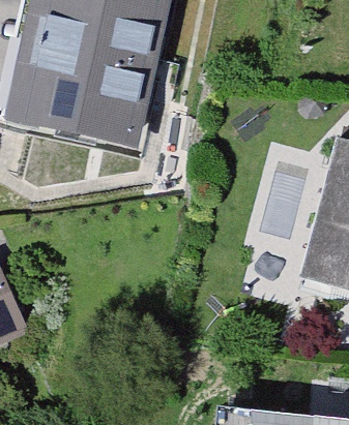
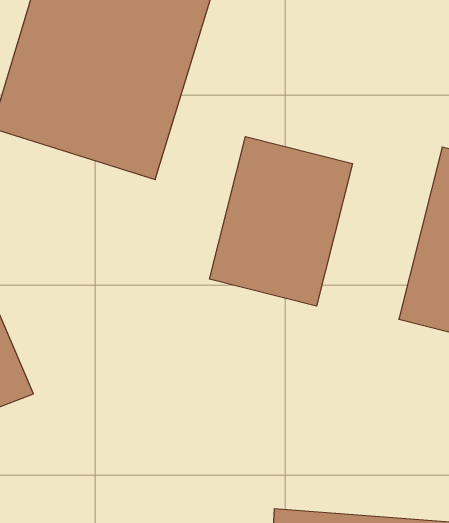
building: none -> [210,137,352,306]

